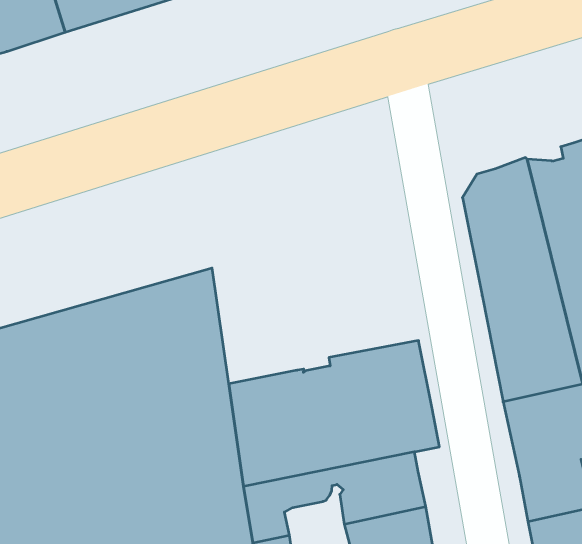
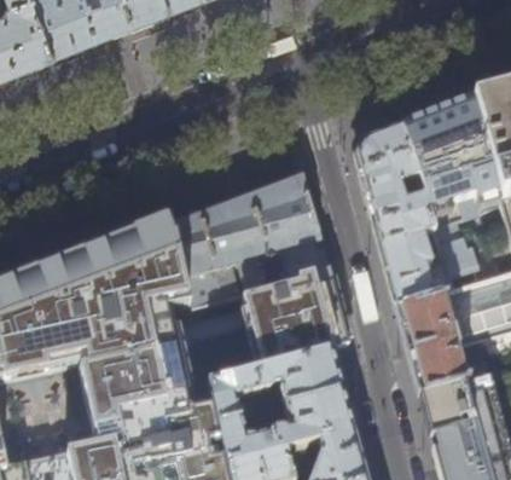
building: none -> [173,169,329,302]

